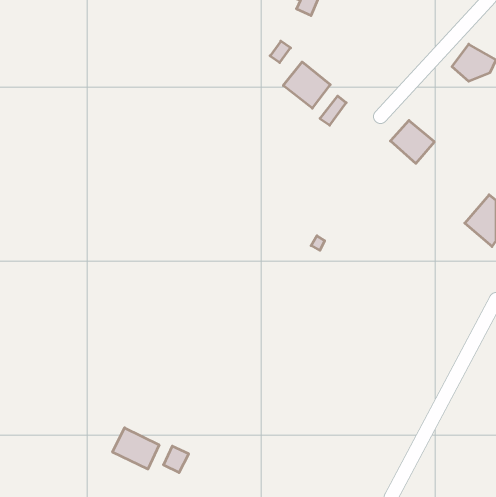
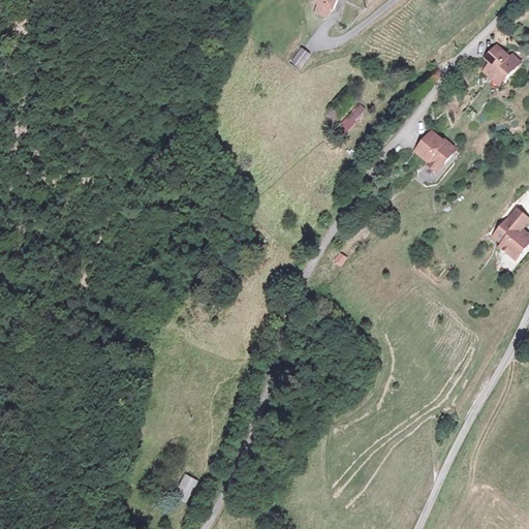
building: [283,62,330,108] -> none
building: [113,428,159,469] -> none

